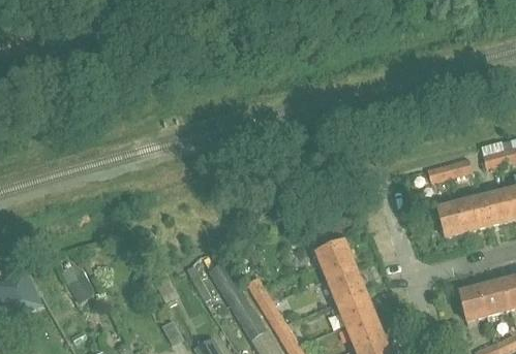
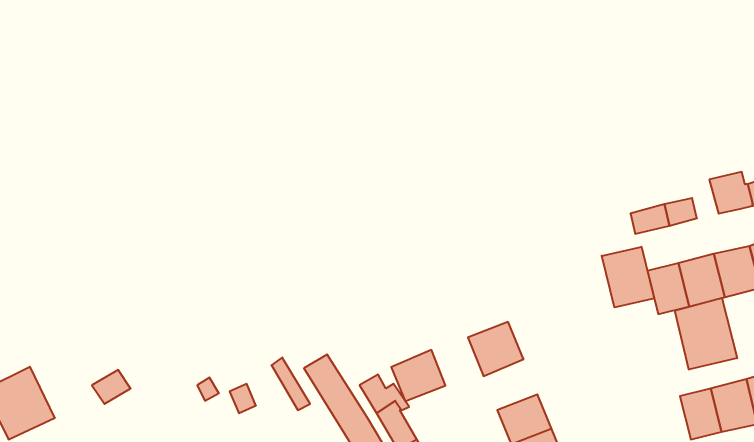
building: none -> [602,247,654,307]
building: none -> [675,298,737,370]
building: [328,265,364,299] -> [391,350,445,401]

